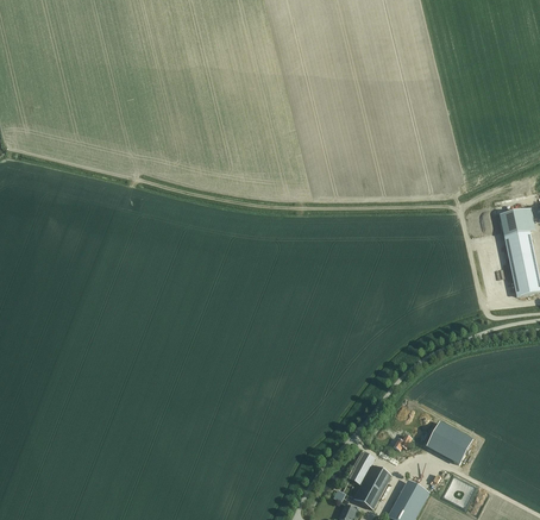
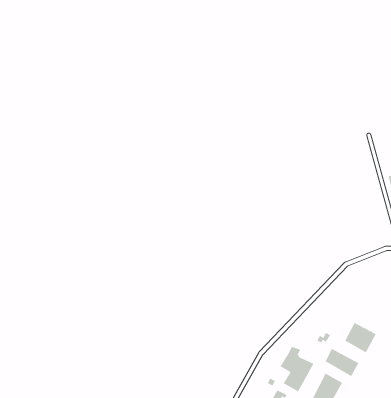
building: none -> [325,348,359,377]

